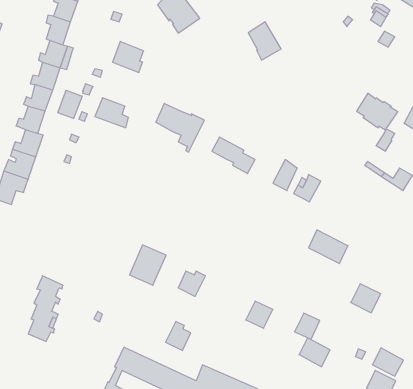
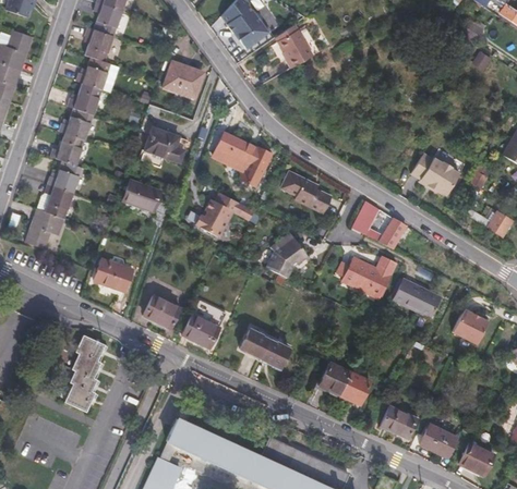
building: [248,22,281,60] -> [273,23,311,68]
building: [58,90,82,119] -> none
building: [357,93,398,130] -> [412,155,460,197]
building: none -> [121,183,159,215]
building: none -> [196,192,253,234]
building: none -> [263,231,304,278]
building: none -> [93,256,131,289]
building: none -> [340,256,395,299]
building: none -> [143,293,180,326]
building: [351,284,381,313] -> [453,307,488,341]
building: [294,313,320,339] -> [339,372,369,403]
building: [166,322,191,351] -> [260,333,289,367]
building: [372,348,403,376] -> [420,424,456,456]

